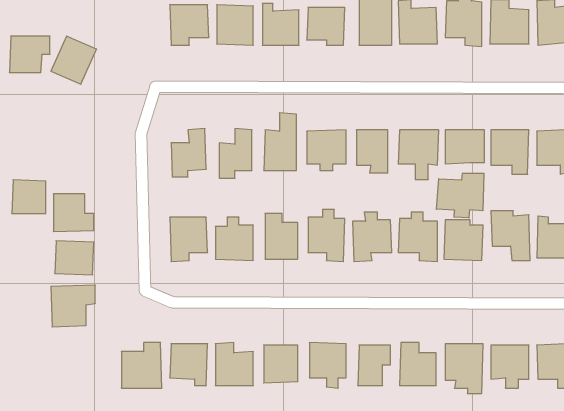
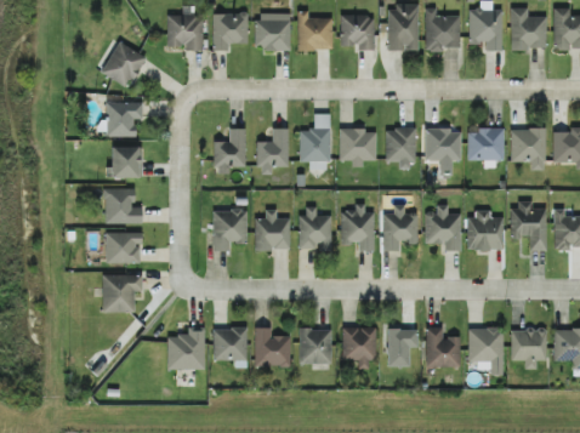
building: none -> [167,15,204,50]
building: [9,36,50,73] -> [106,102,143,136]
building: [436,173,484,218] -> none
building: [12,180,46,214] -> [110,146,142,177]

